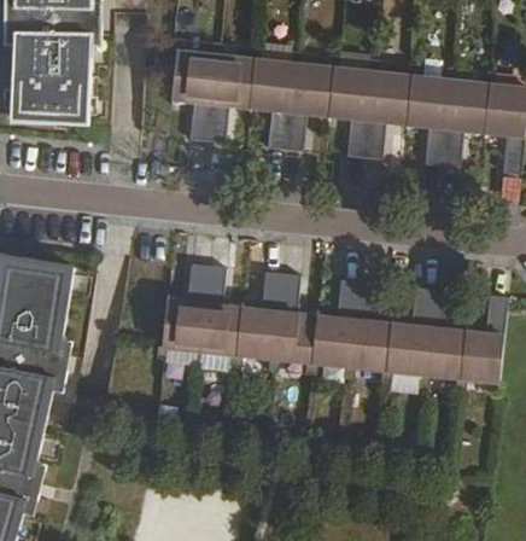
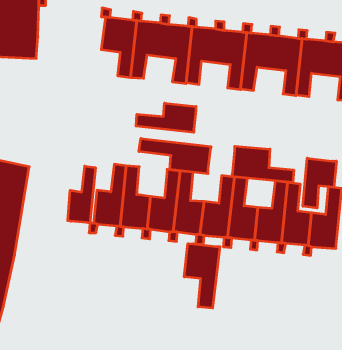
building: none -> [136,103,196,132]
building: none -> [139,138,211,174]
building: none -> [232,146,294,182]
building: none -> [303,158,336,208]
building: none -> [68,166,95,223]
building: none -> [184,244,220,308]

